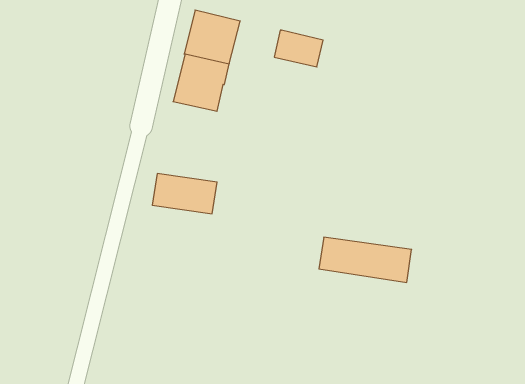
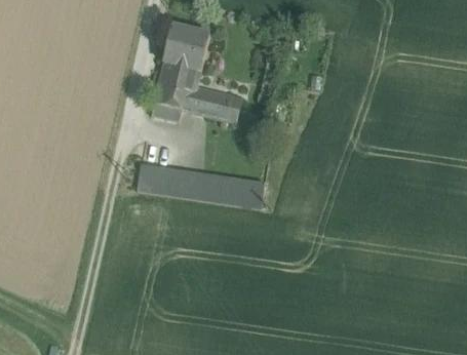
building: [274,30,323,67] -> [190,88,231,119]
building: [319,237,412,282] -> [186,170,264,208]

